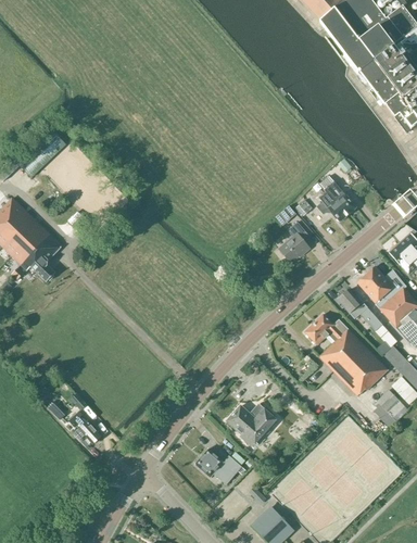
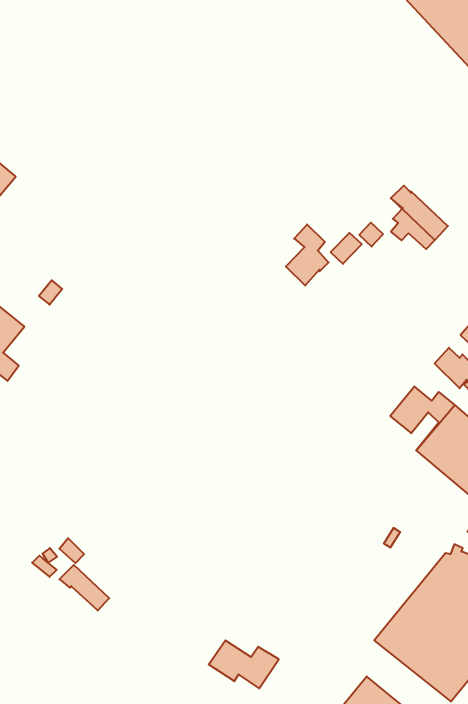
building: [279,220,308,262] -> [286,224,329,286]
building: [227,402,277,446] -> none
building: [194,447,242,482] -> [209,640,279,688]

